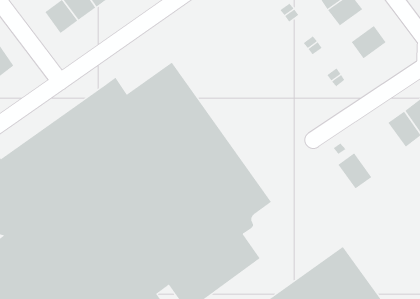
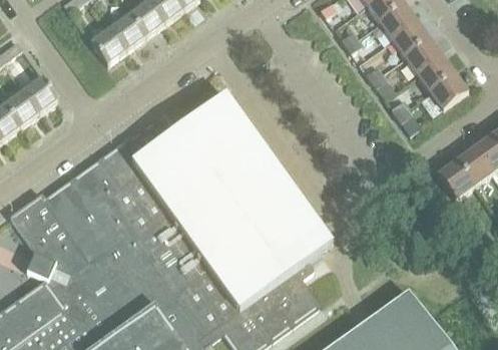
building: none -> [405,37,442,72]
building: none -> [430,72,468,108]
building: [337,153,372,189] -> [438,158,475,198]

